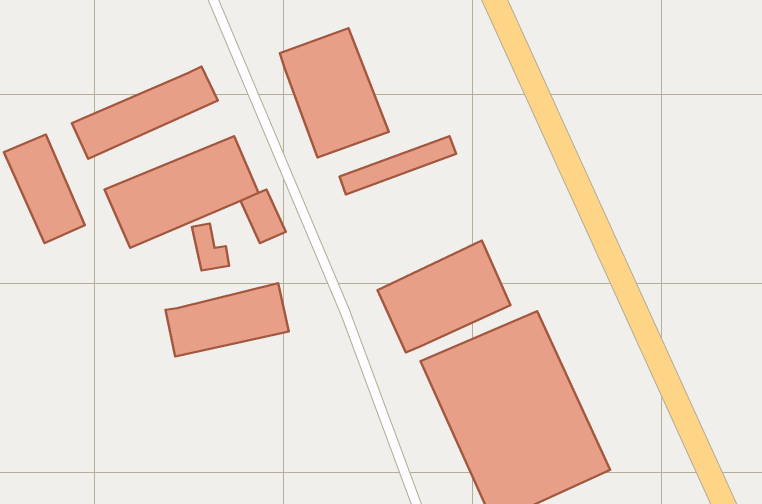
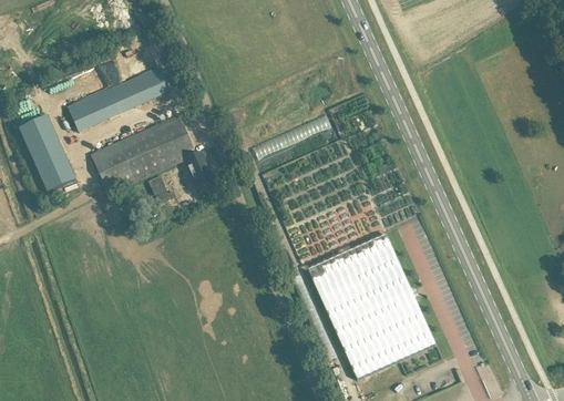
building: [280,28,389,157] -> none
building: [377,240,511,353] -> none
building: [166,283,289,357] -> none

